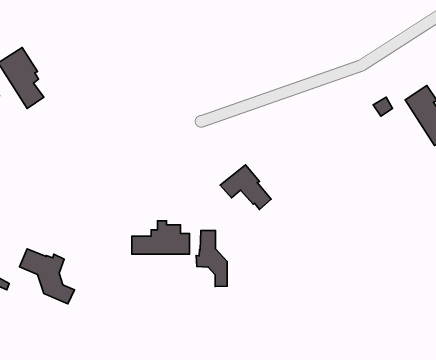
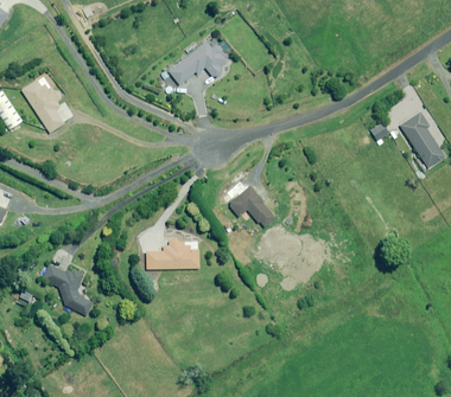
building: none -> [169,40,226,84]
building: [196,231,227,287] -> none

